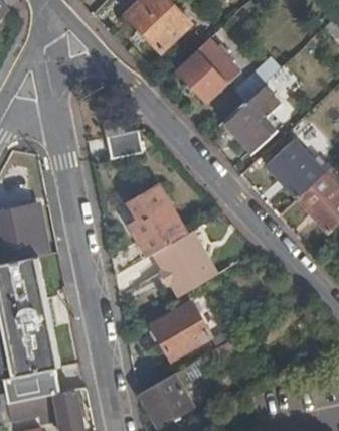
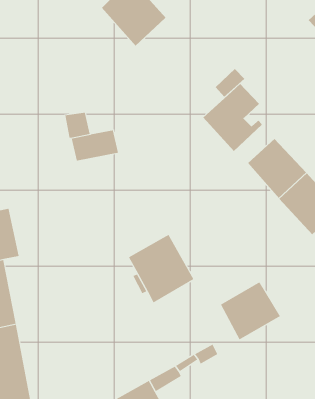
building: [175,36,238,100] -> none
building: [127,186,185,255] -> none
building: [152,300,210,356] -> [220,282,281,340]

